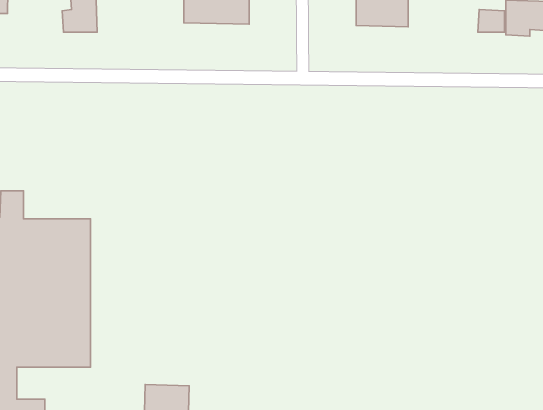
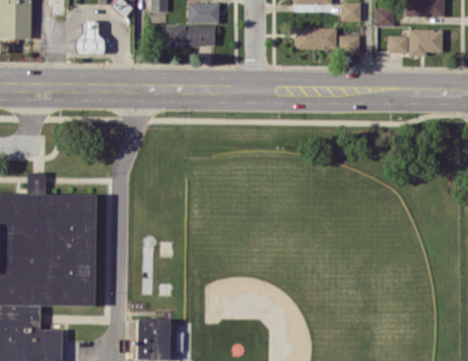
building: none -> [339,35,360,54]

